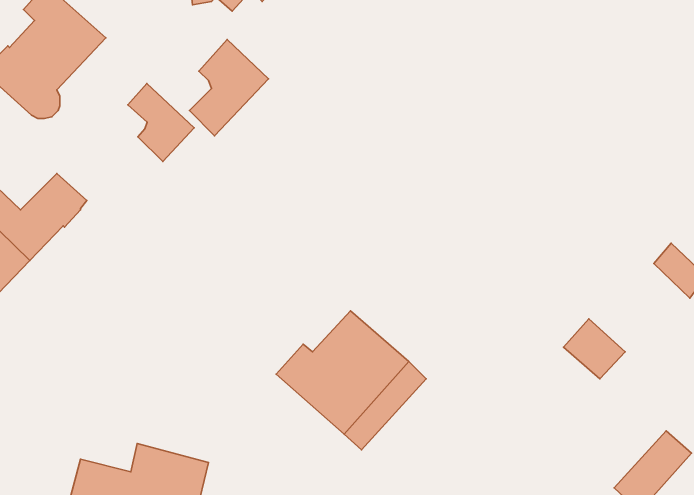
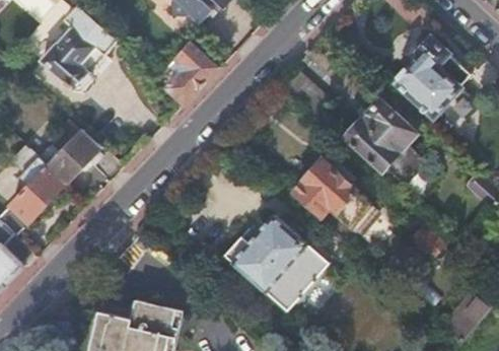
building: none -> [398,37,461,118]
building: [128,83,194,162] -> none
building: none -> [344,98,426,186]
building: none -> [292,159,376,232]

